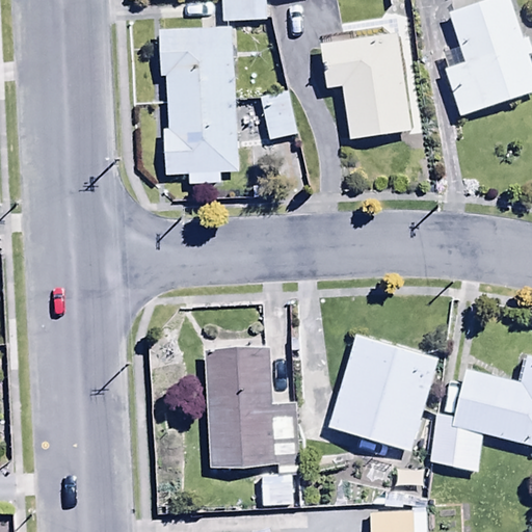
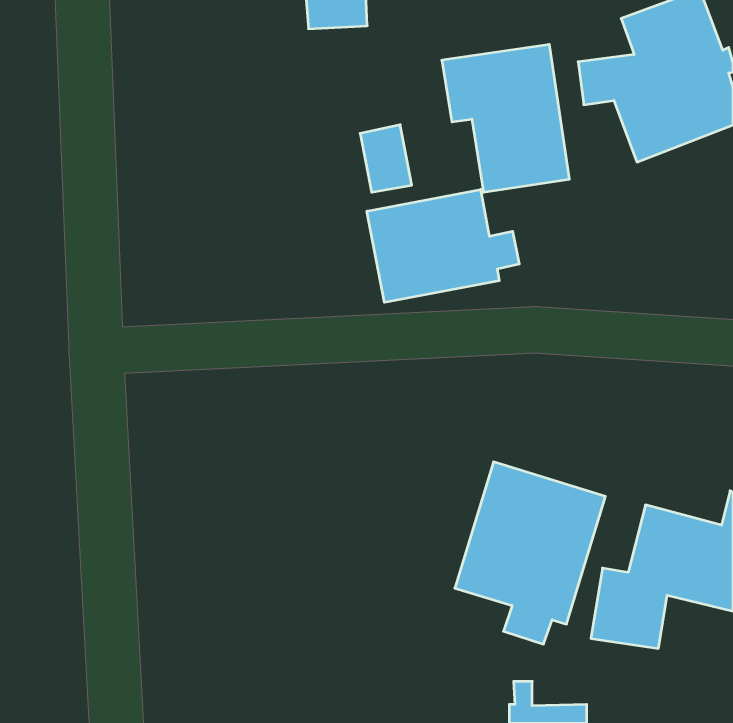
building: [159,25,238,184] -> none
building: none -> [367,189,519,302]
building: [205,349,300,474] -> none

